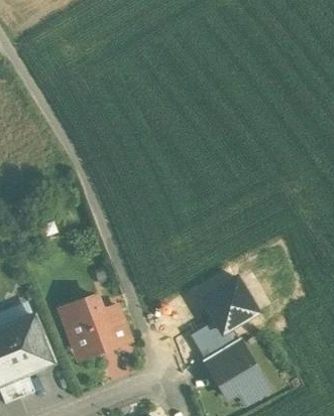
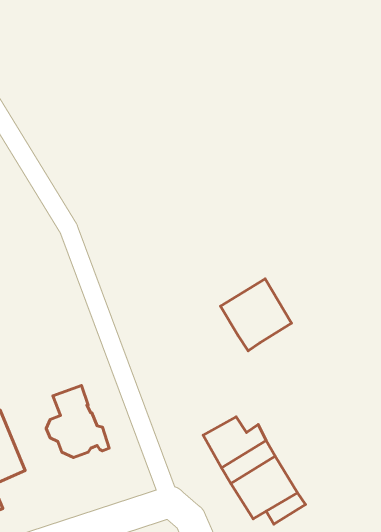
building: [202,278,256,333] -> [221,279,291,351]
building: [100,306,129,345] -> none

